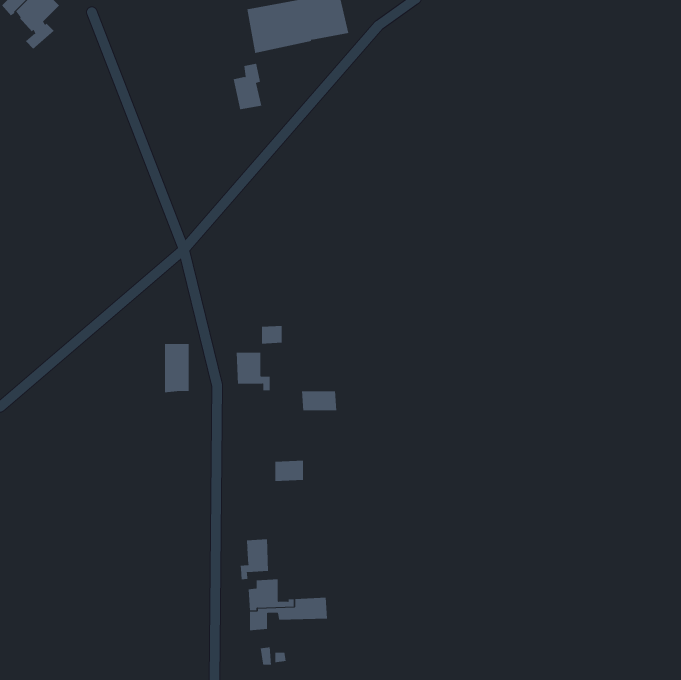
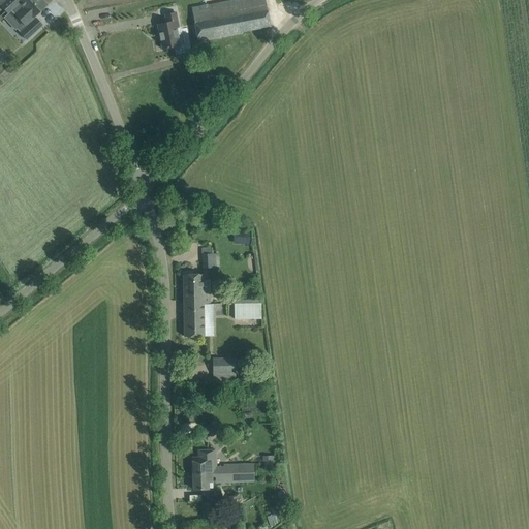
building: [233,63,262,110] -> [157,11,180,48]
building: [164,344,189,393] -> [184,298,204,336]
building: [240,539,268,580] -> none

